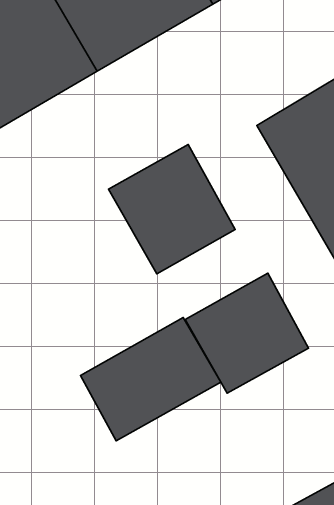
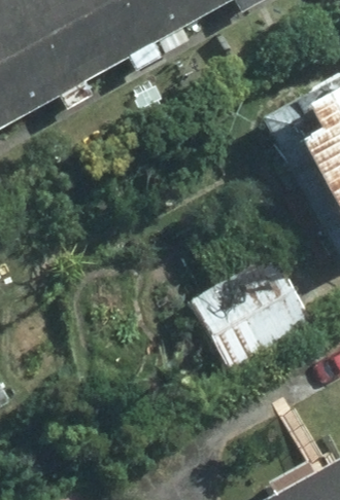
building: [108,144,235,274] -> none
building: [80,318,221,441] -> none

